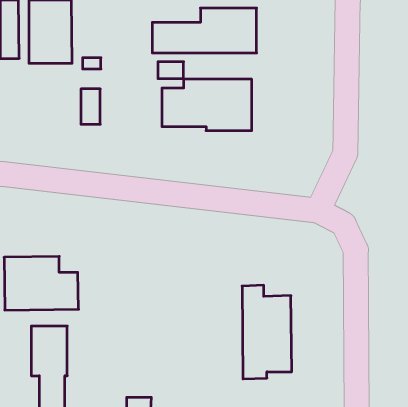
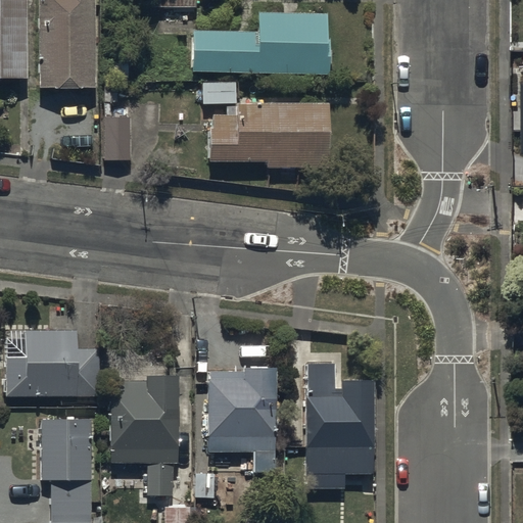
building: none -> [207,367,276,473]
building: none -> [113,377,175,497]

